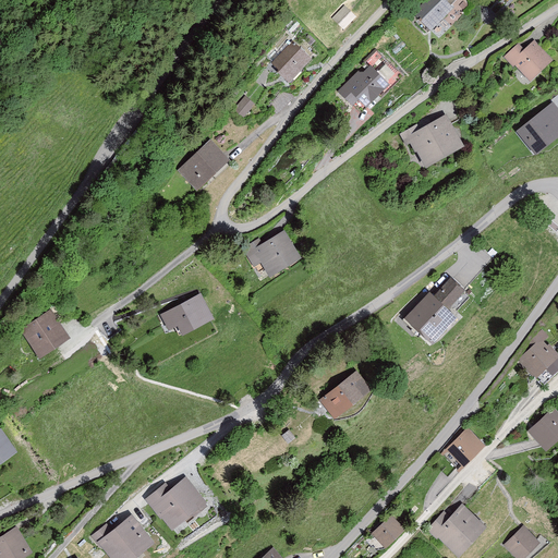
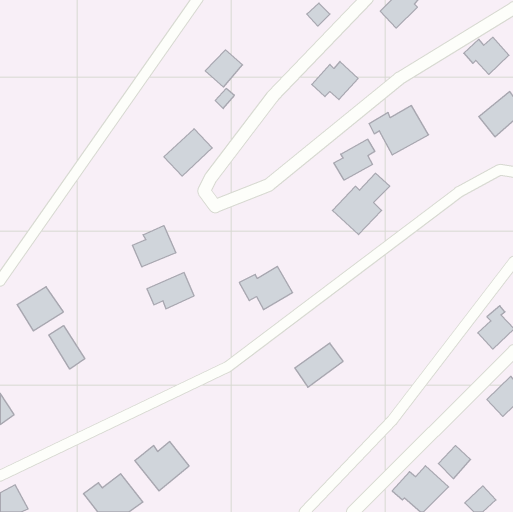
building: [270,43,311,83] -> [205,50,243,87]
building: none -> [334,139,375,180]
building: [243,230,301,277] -> [239,266,293,310]
building: none -> [132,226,176,267]
building: [404,278,466,344] -> [332,173,390,235]
building: none -> [49,326,85,369]
building: [448,428,483,464] -> [438,446,471,479]
building: [372,515,404,548] -> none

